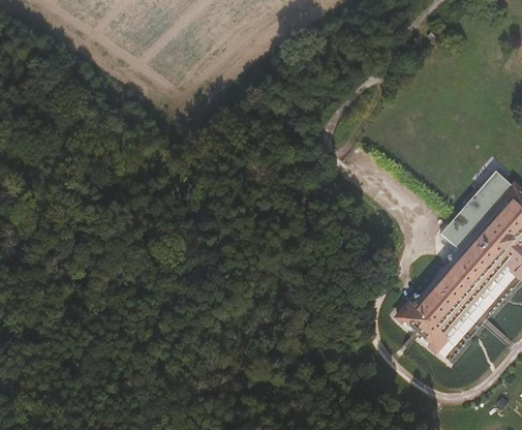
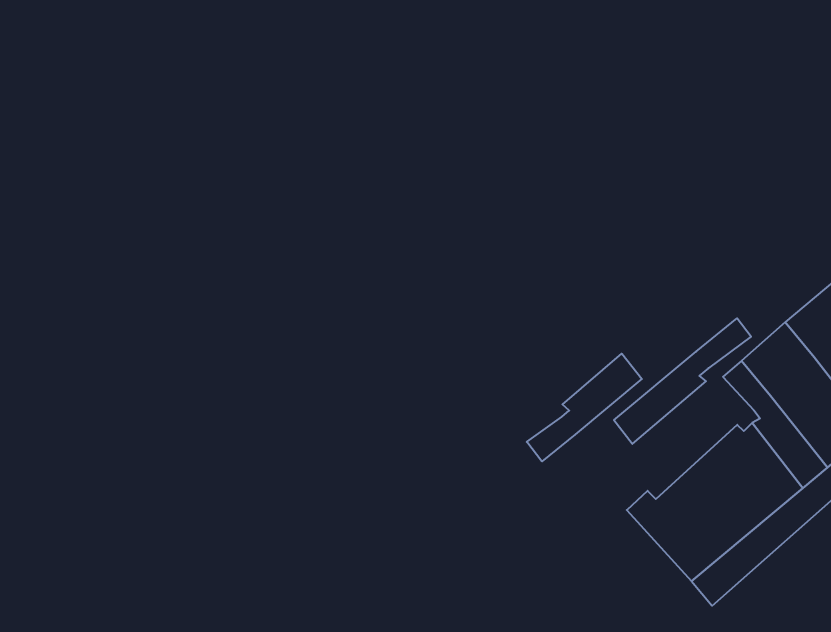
building: none -> [614,318,751,444]
building: none -> [527,354,642,461]

